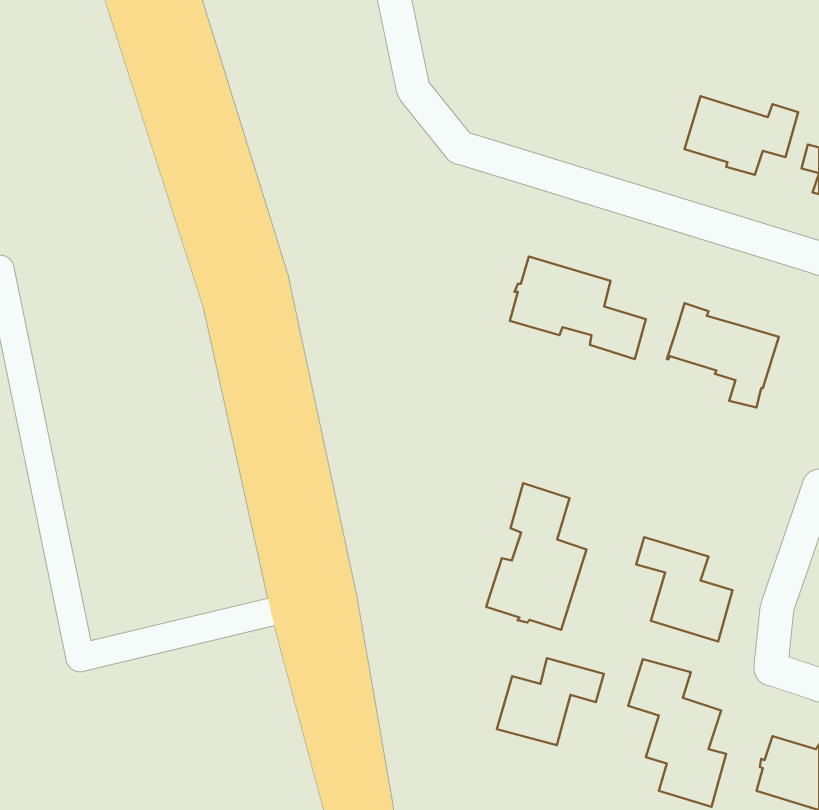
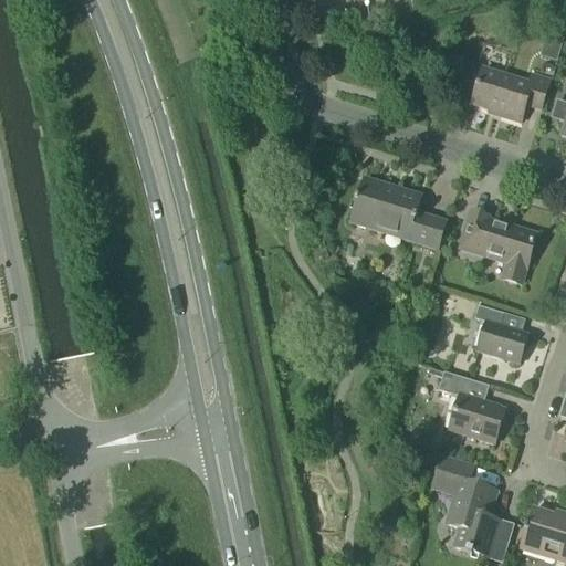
building: none -> [474,304,528,363]
building: [486,483,586,630] -> none
building: [497,658,604,745] -> none

